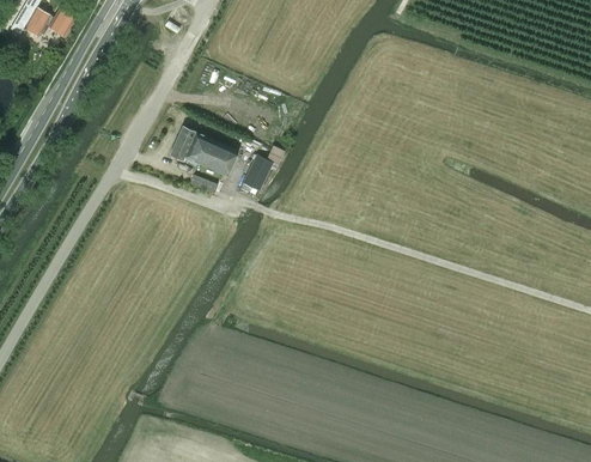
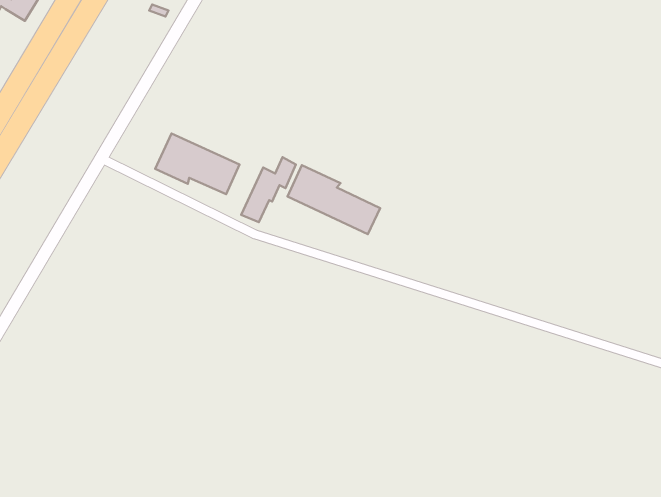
building: none -> [287,165,380,234]

